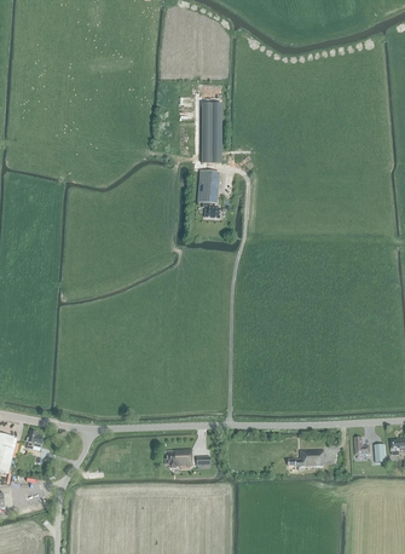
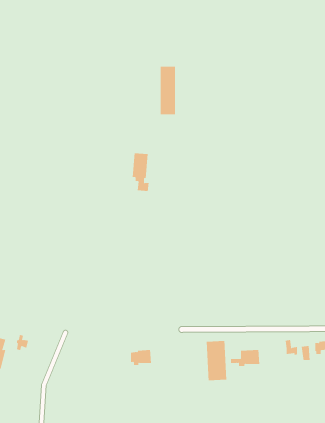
building: [198,171,220,218] -> [132,153,150,191]
building: none -> [206,340,227,381]

